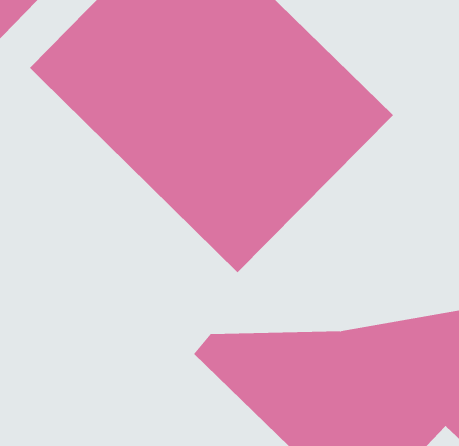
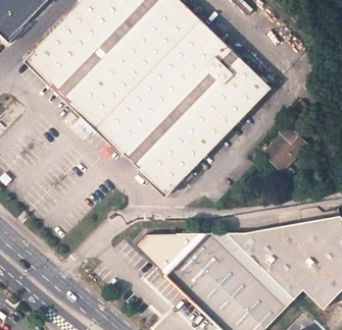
building: none -> [256,124,303,173]

